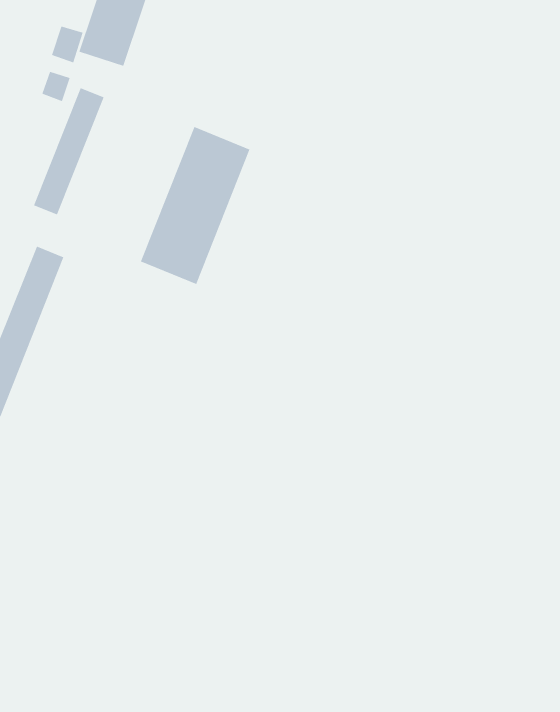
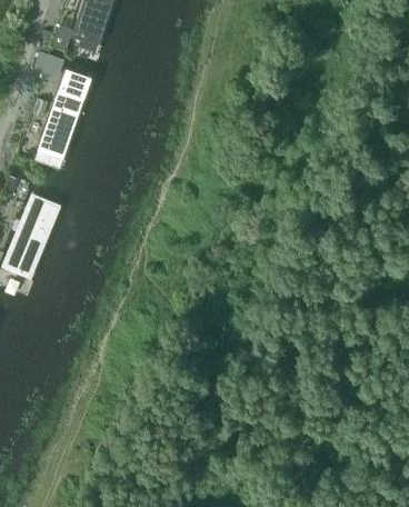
building: [140,126,250,285] -> none

